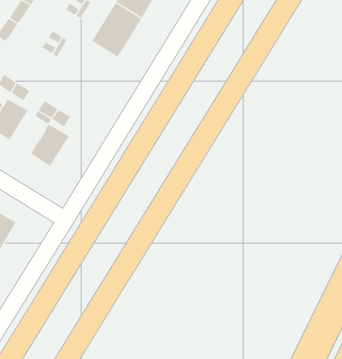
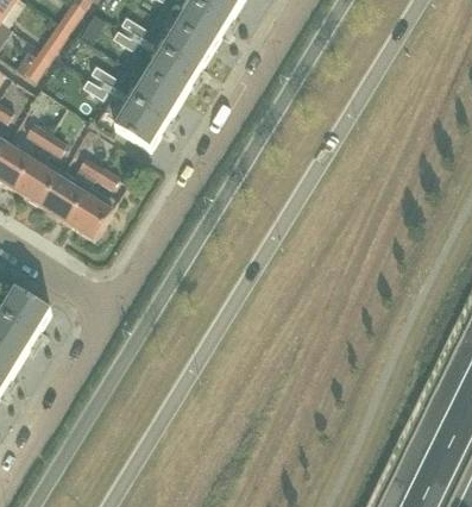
building: none -> [113,76,177,146]
building: none -> [38,175,82,220]

